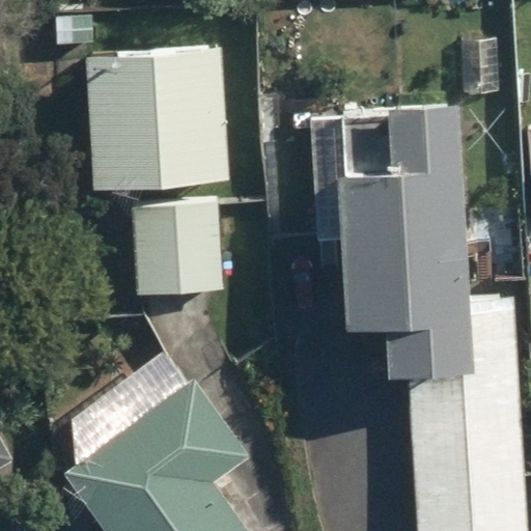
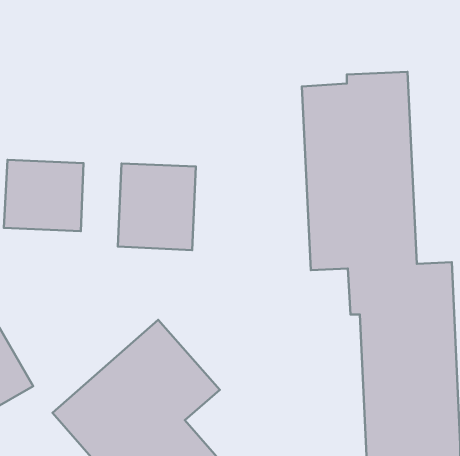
building: [82,50,224,190] -> none
building: none -> [4,160,83,231]

